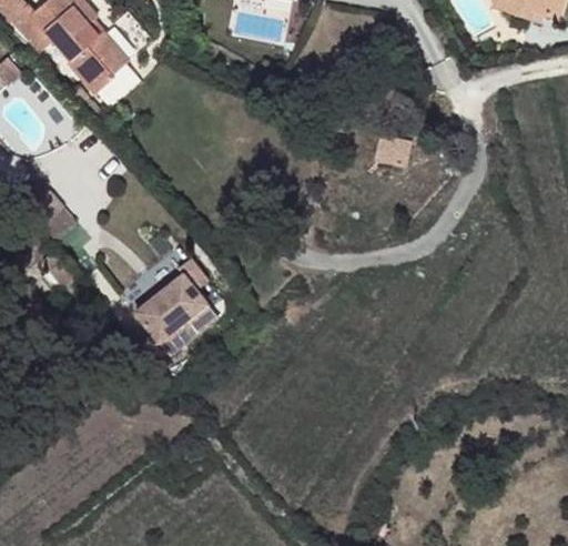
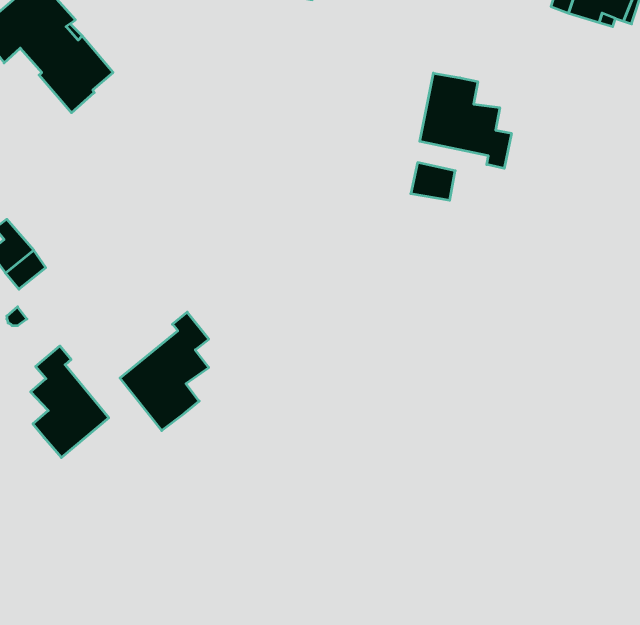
building: none -> [420,73,511,168]
building: none -> [31,346,109,458]

